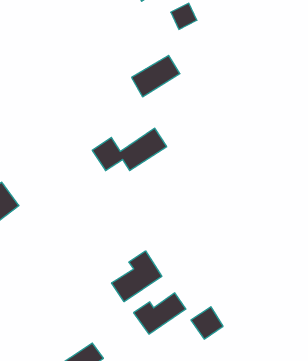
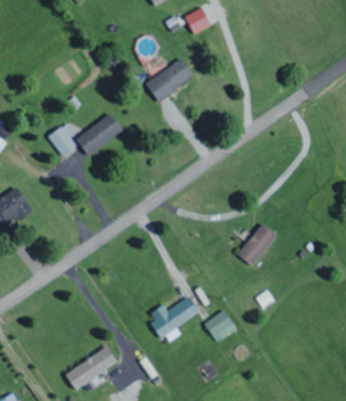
building: [92,128,167,171] -> [49,114,123,156]
building: none -> [238,224,277,266]
building: [112,251,162,302] -> none

